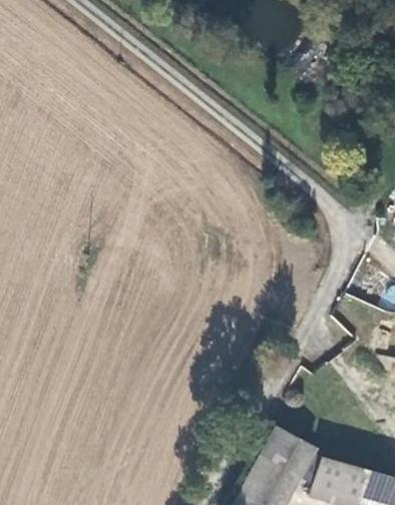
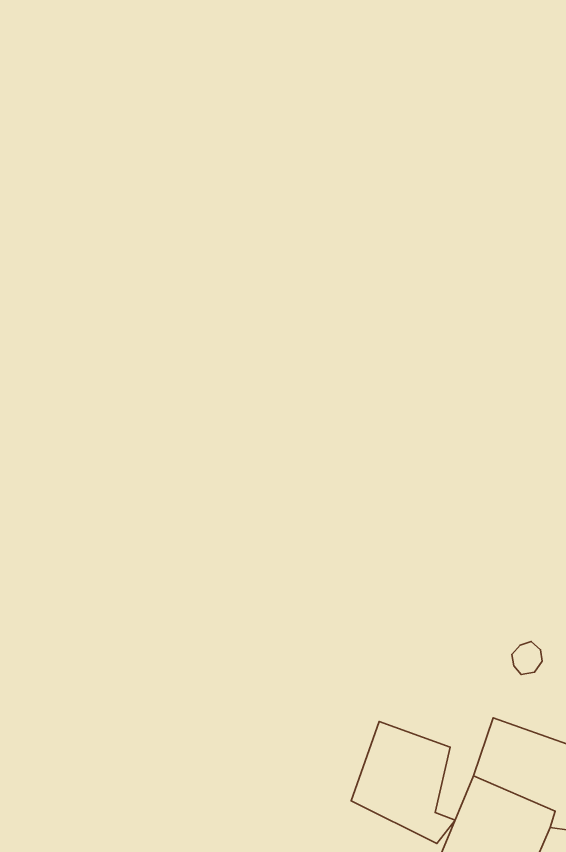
building: none -> [351,721,455,844]

